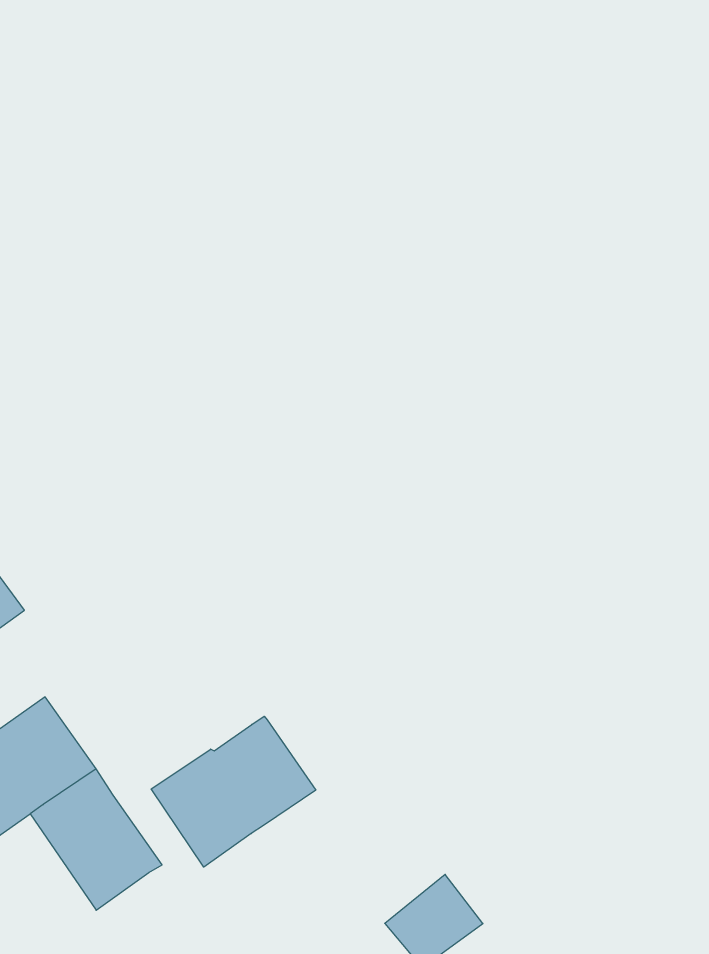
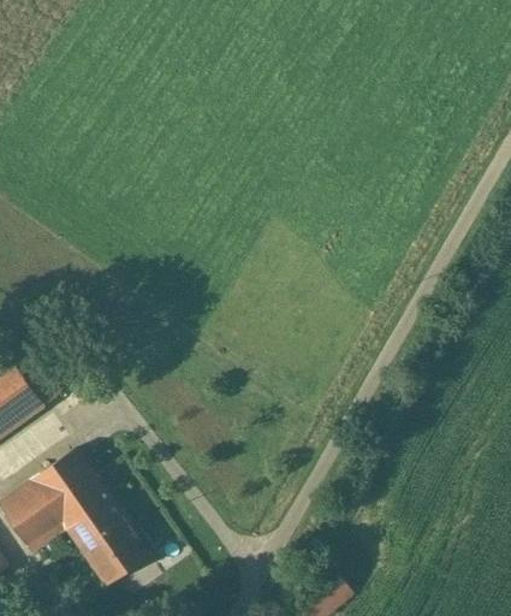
building: [151,716,316,867] -> none

